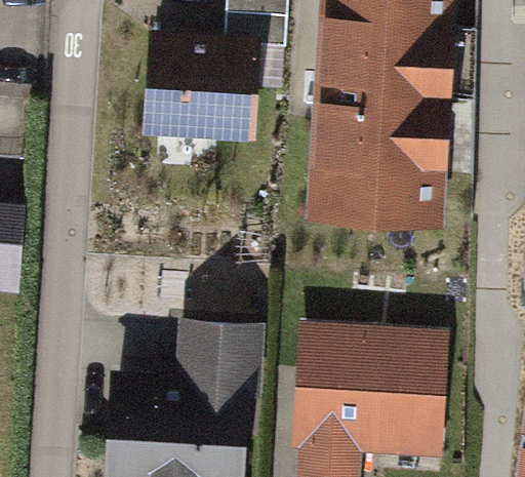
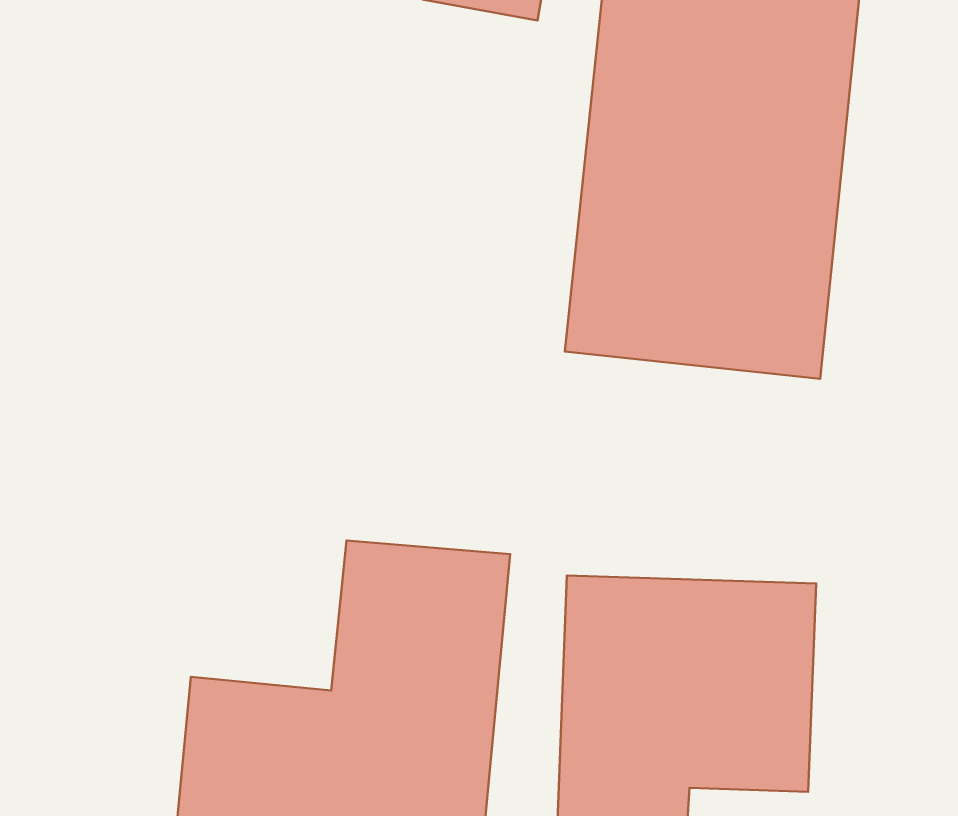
building: [133,47,253,145] -> none

